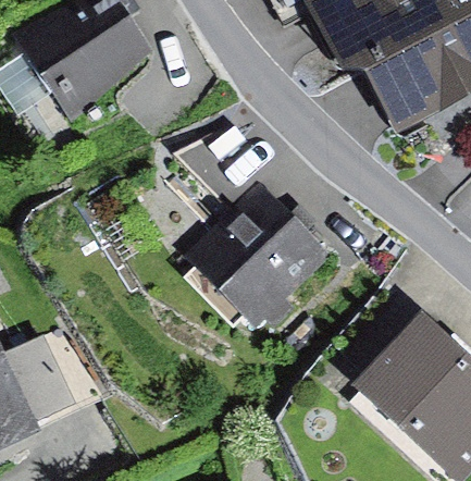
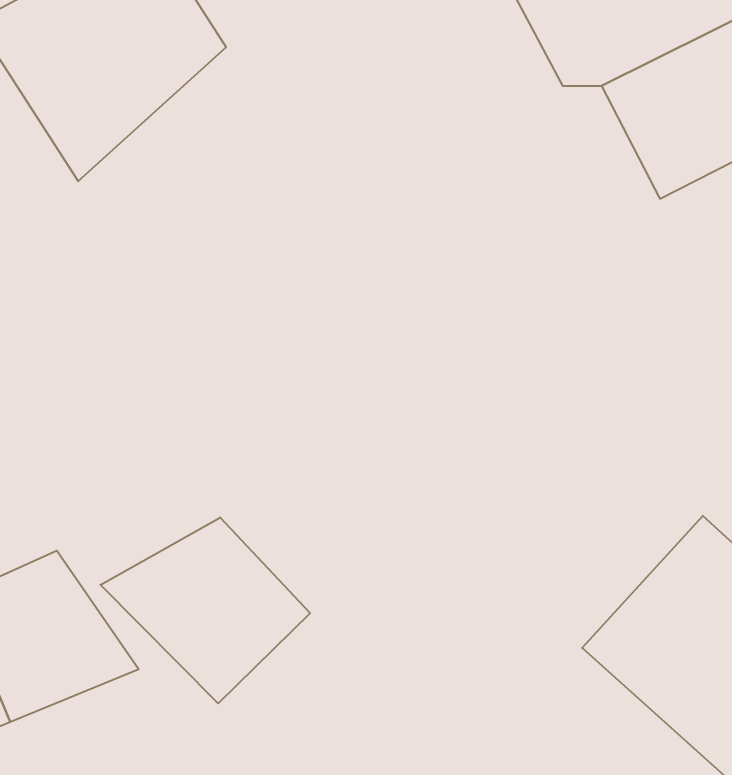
building: [185,182,330,330] -> none
building: none -> [100,517,310,703]

